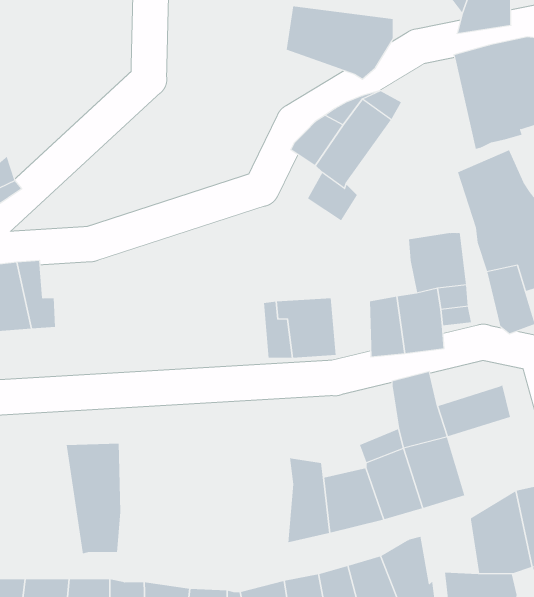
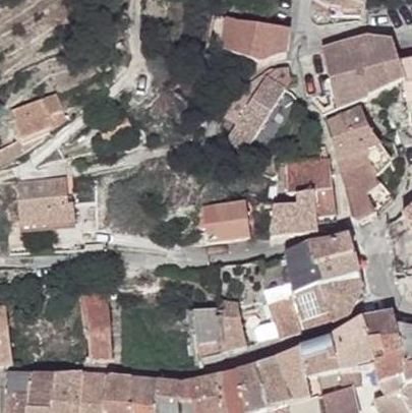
building: none -> [307,234,351,266]
building: none -> [318,273,361,321]
building: none -> [196,314,222,356]
building: none -> [302,337,338,376]

